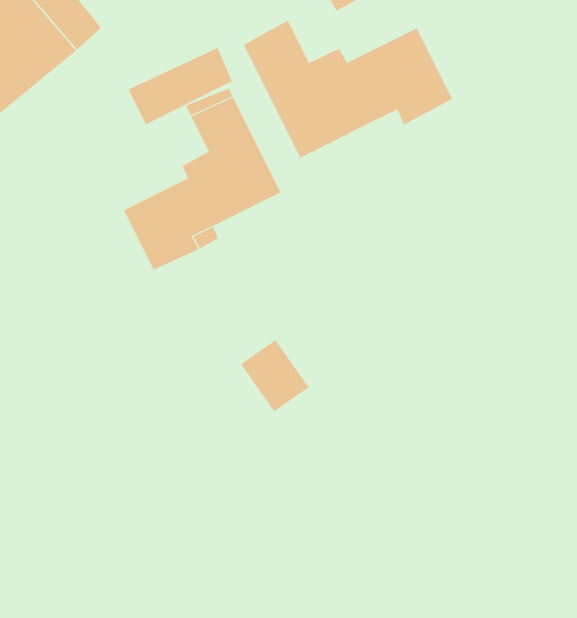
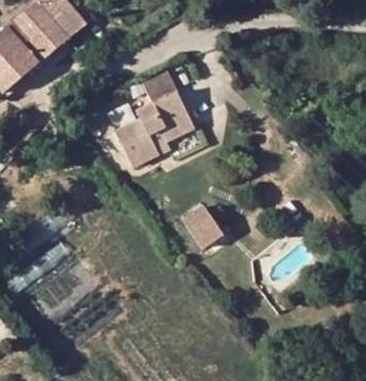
building: [243,20,453,158] -> none
building: [128,47,233,125] -> none

